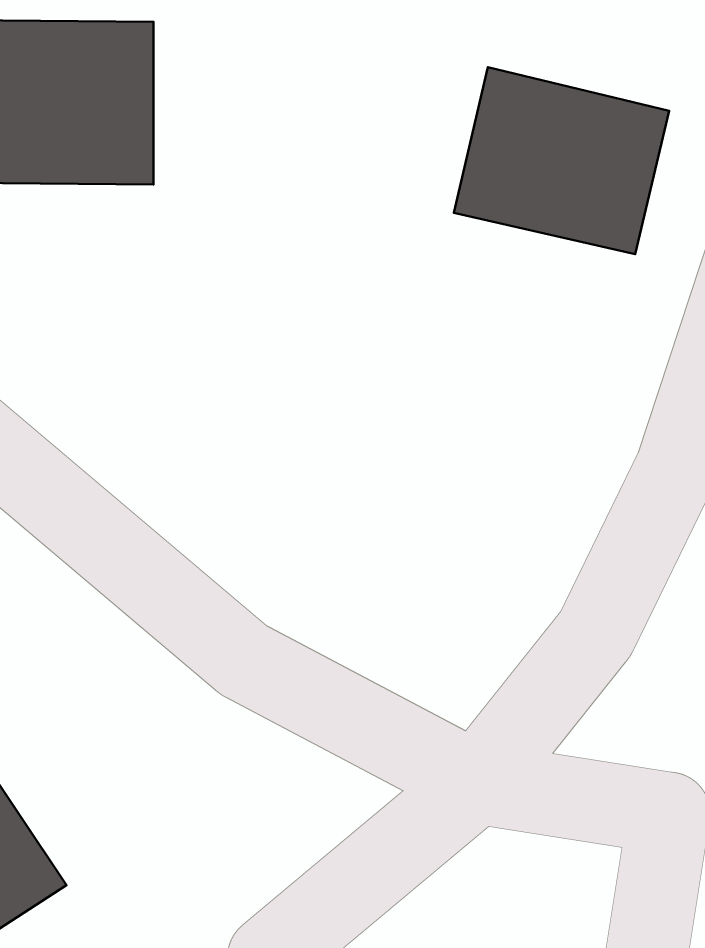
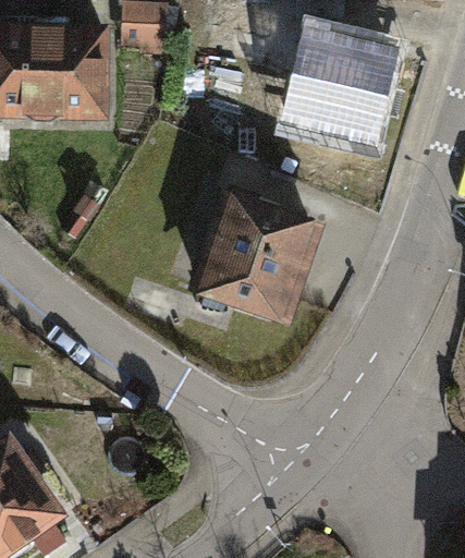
building: none -> [195,193,325,332]

